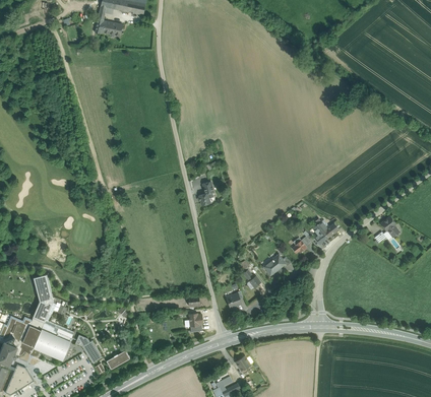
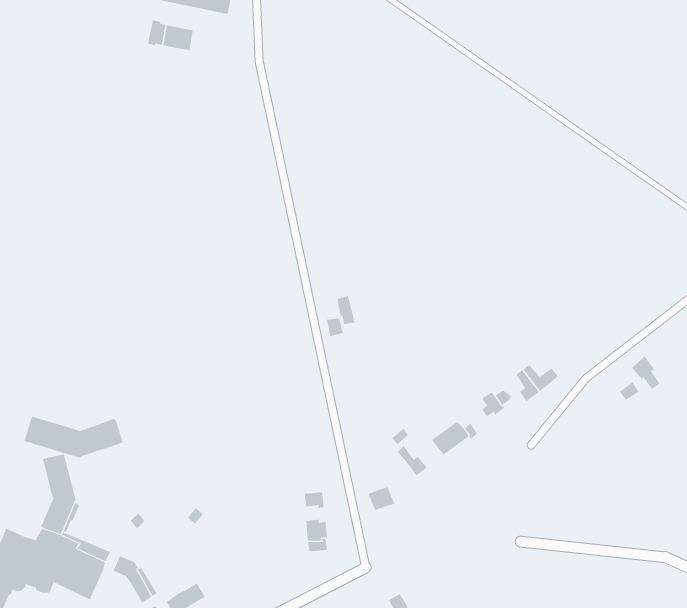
building: none -> [24,416,124,459]

